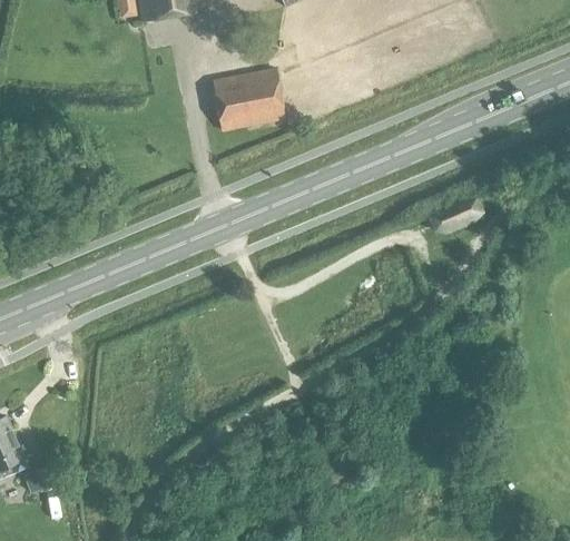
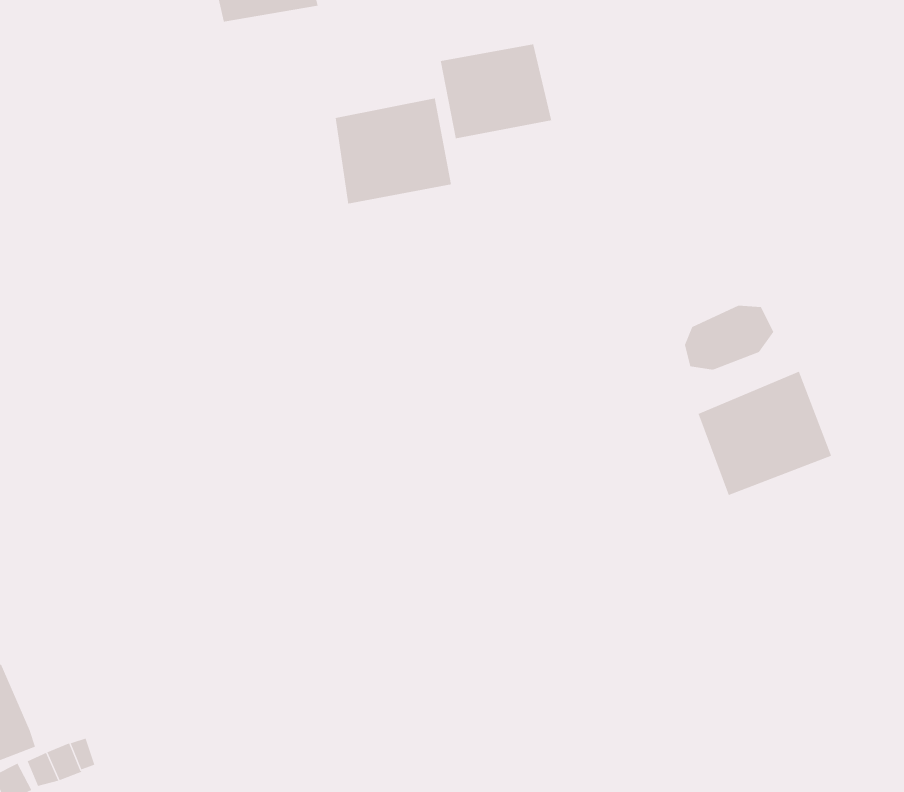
building: none -> [440,43,552,139]
building: none -> [698,371,832,496]

